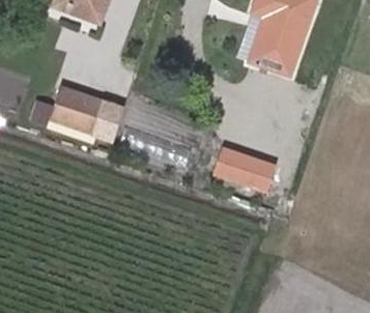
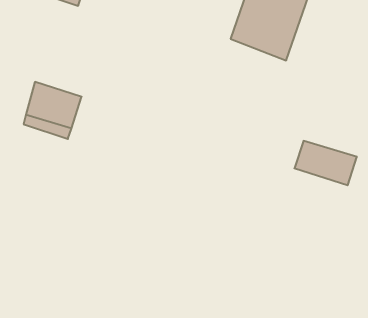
building: [216,146,273,187] -> [294,141,357,185]

